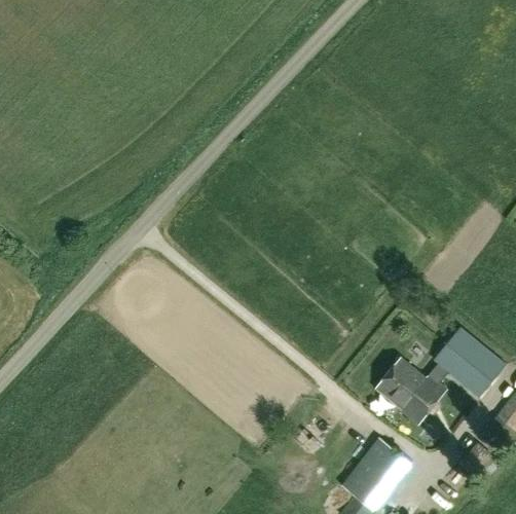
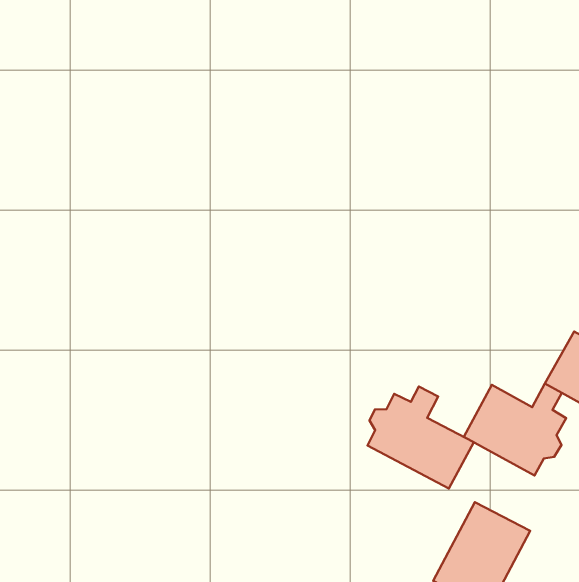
building: none -> [367,386,474,488]

